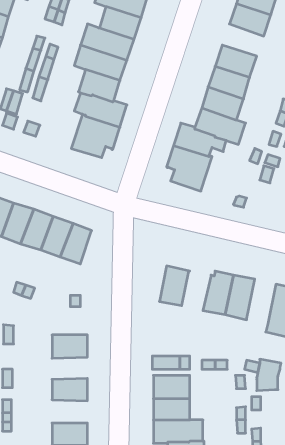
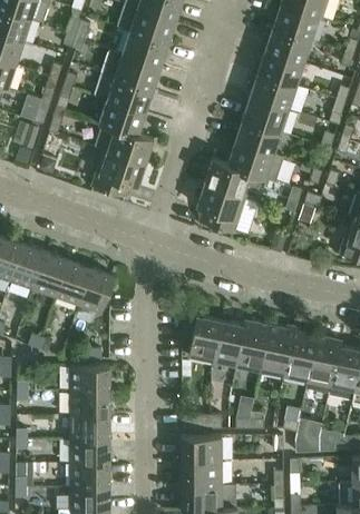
building: none -> [257,49,303,85]
building: none -> [213,320,245,364]
building: none -> [284,329,317,378]
building: none -> [70,365,109,391]
building: none -> [70,415,109,439]
building: none -> [70,462,109,487]

